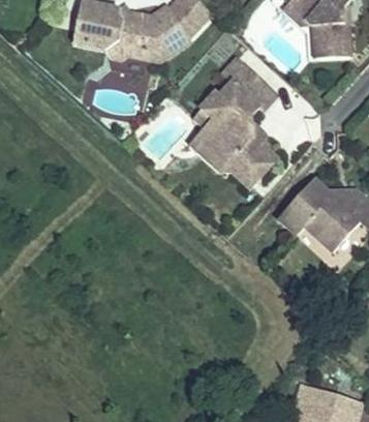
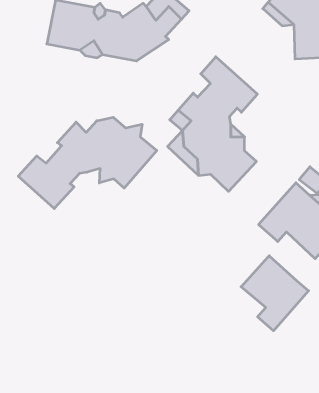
building: none -> [18,117,157,209]
building: none -> [241,256,309,331]

